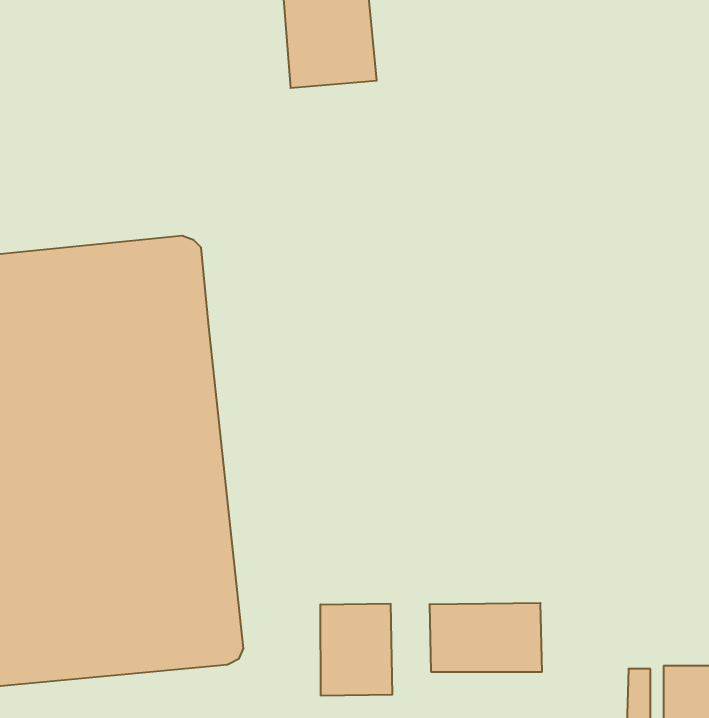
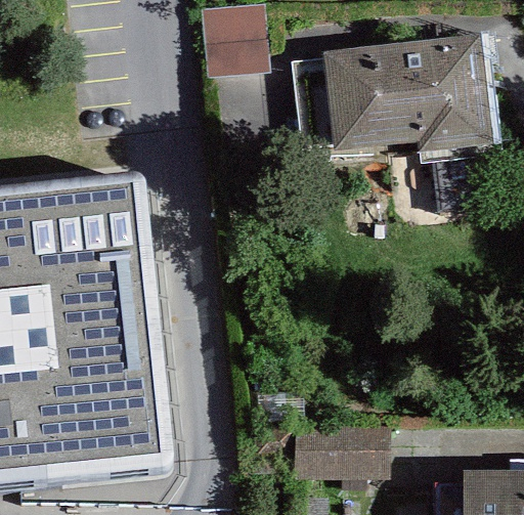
building: none -> [321,34,492,154]
building: [320,604,392,696] -> none

